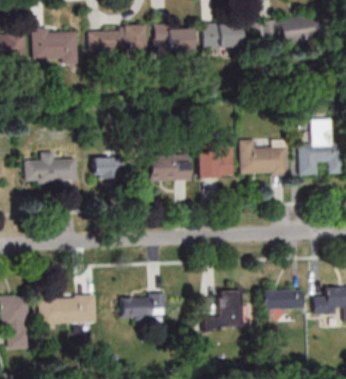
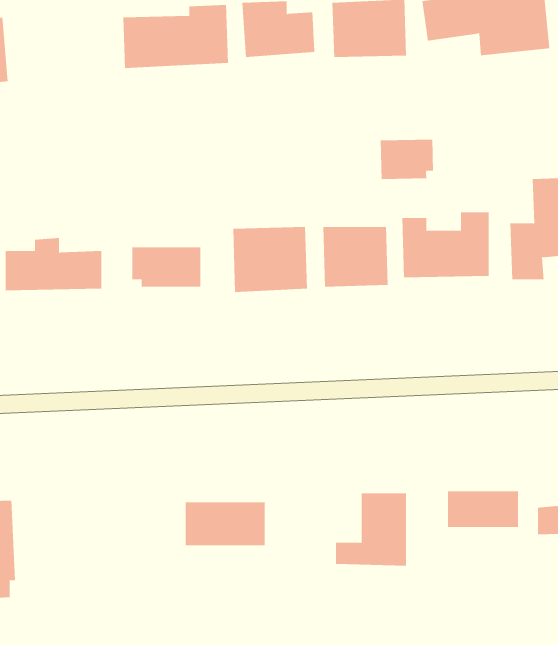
building: [31,27,77,63] -> none
building: none -> [380,139,434,180]
building: [40,296,97,325] -> none

